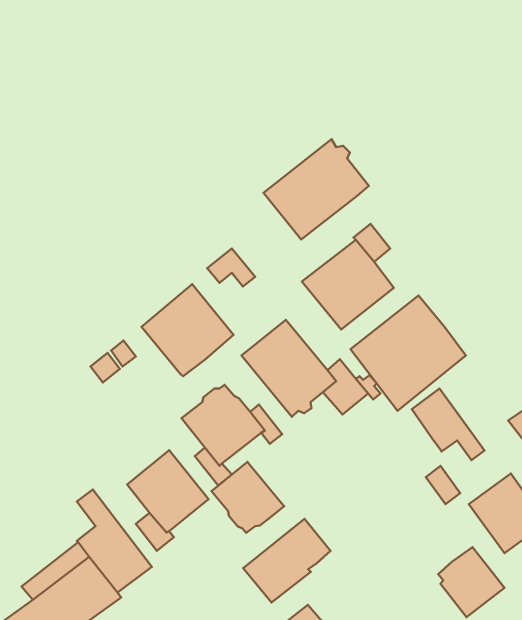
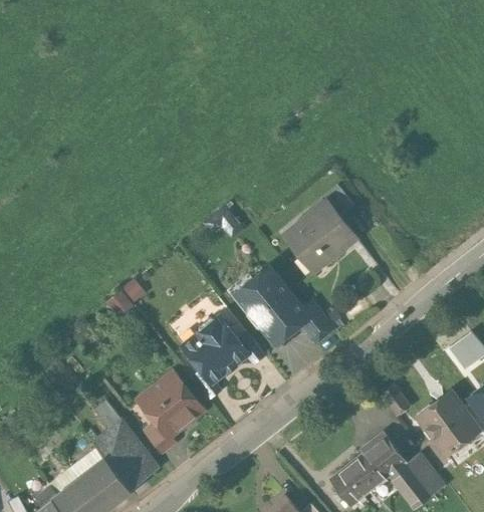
building: [264,139,369,240] -> none
building: [141,284,234,376] -> none
building: [351,295,466,411] -> none
building: [412,389,485,460] -> none
building: [211,462,284,533] -> none
building: [243,519,330,602] -> [331,437,403,505]

